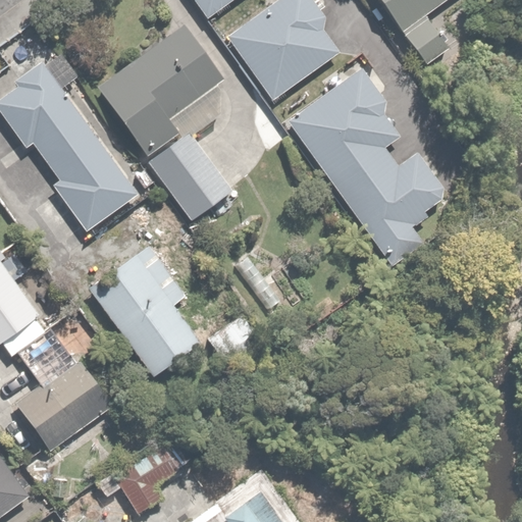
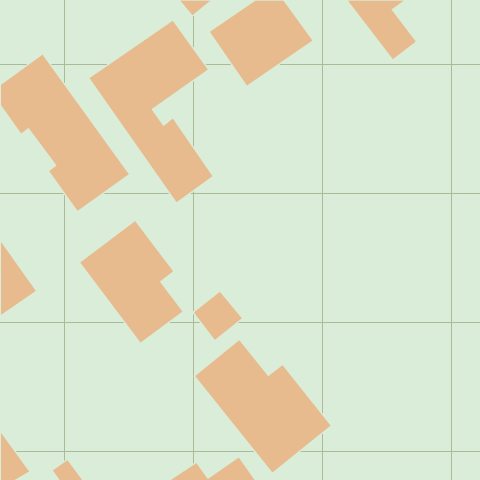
building: [286,67,451,261] -> none
building: [13,330,109,448] -> none
building: none -> [194,339,332,474]
building: [97,452,175,515] -> none

